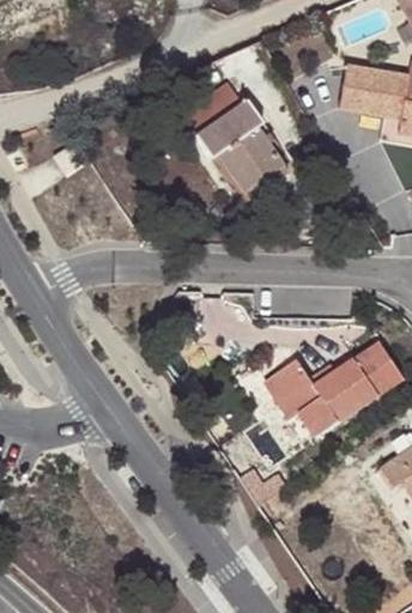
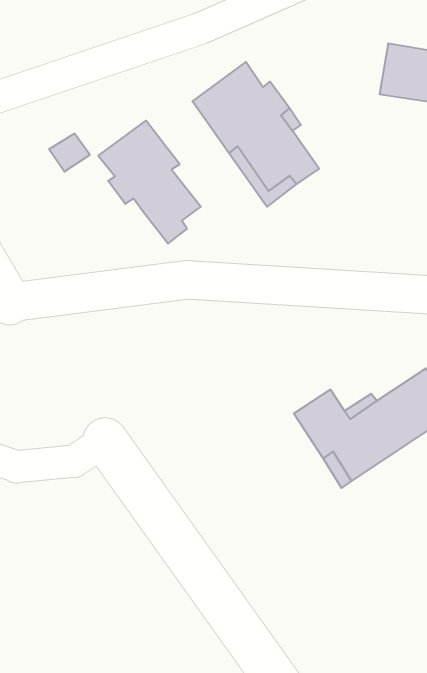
building: none -> [98,121,201,244]

